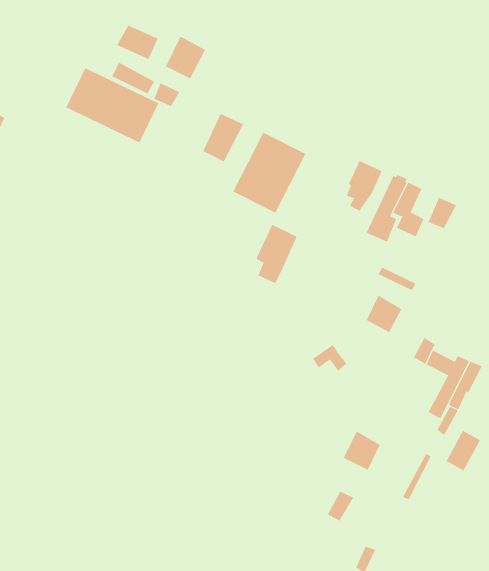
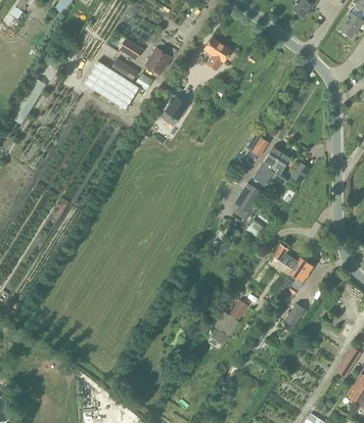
building: none -> [204,37,231,68]
building: [232,132,306,214] -> none
building: [255,224,297,284] -> [235,183,262,219]

